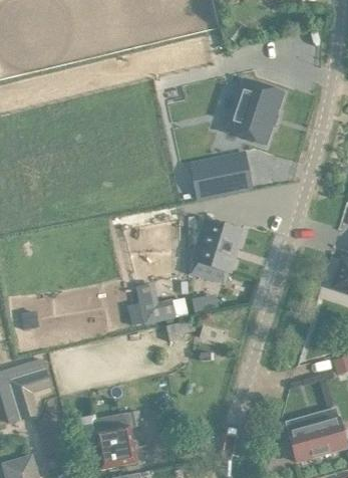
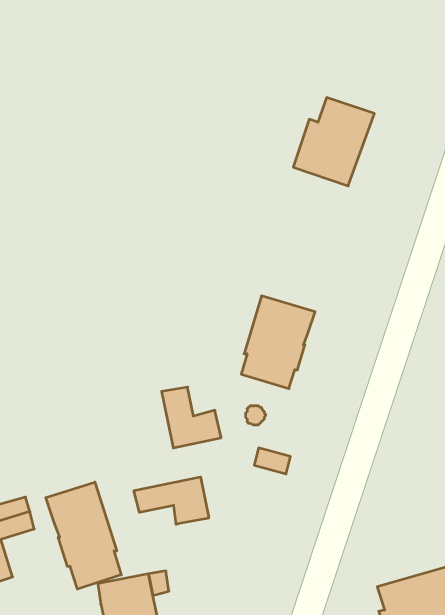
building: [191,155,252,195] -> none
building: none -> [134,477,209,524]
building: none -> [46,482,121,589]

